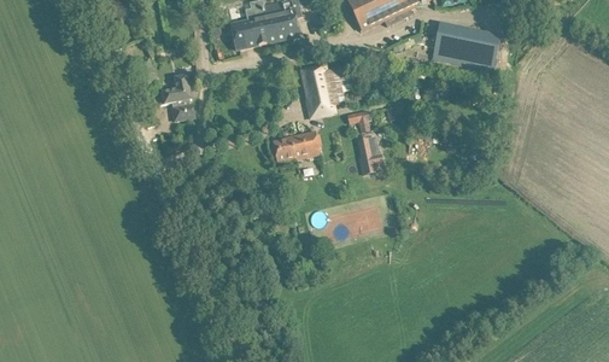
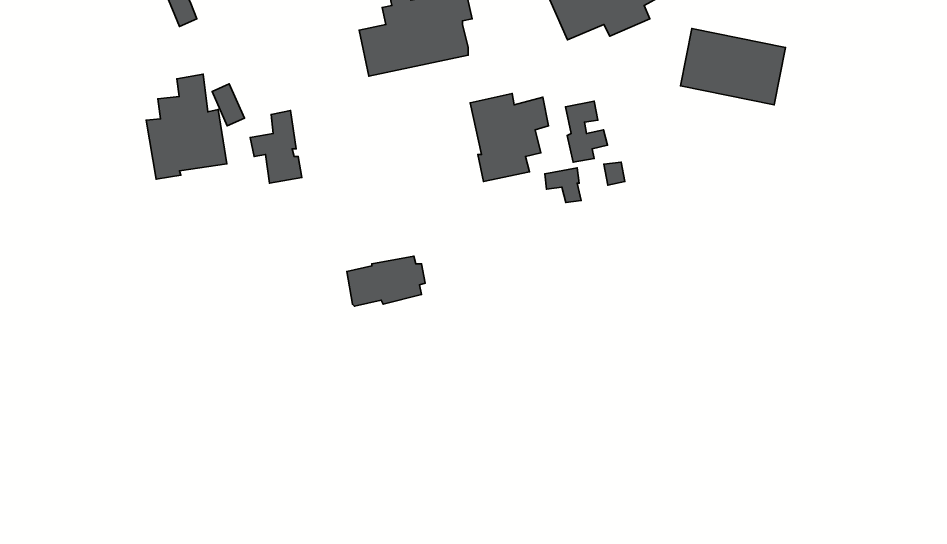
building: none -> [146,74,227,179]
building: [271,129,321,160] -> [347,256,425,306]
building: [356,134,382,173] -> [565,101,607,162]

